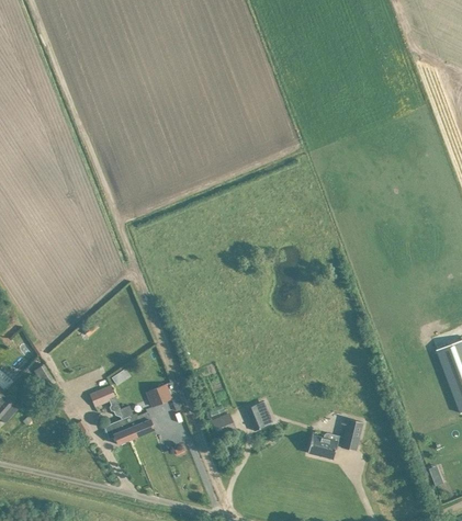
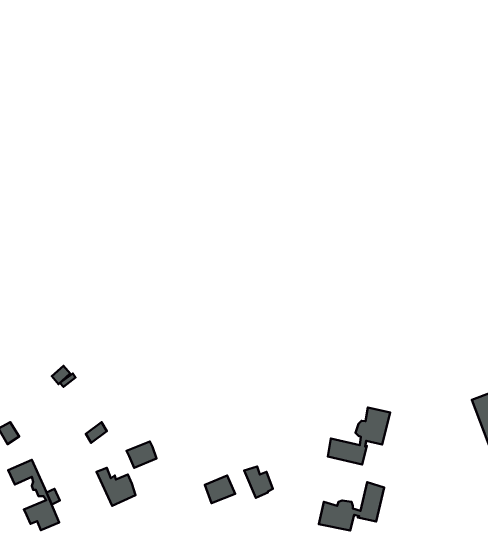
building: none -> [328,407,390,464]
building: [90,384,133,443] -> [8,460,59,530]

